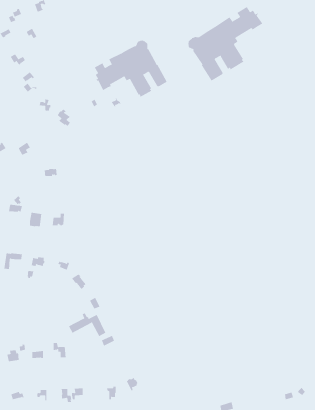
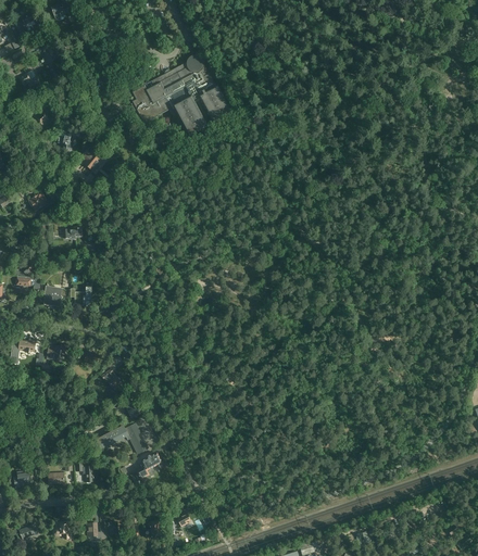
building: [188,6,263,82] -> none

